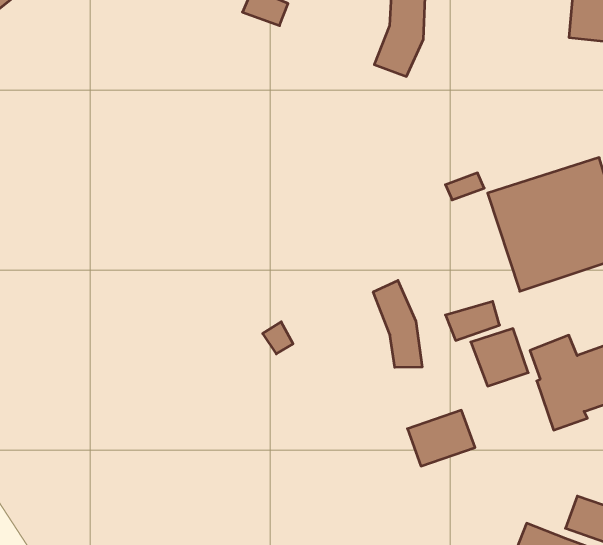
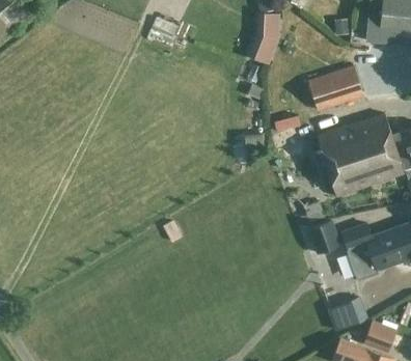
building: none -> [309,66,362,110]
building: [373,280,422,367] -> none
building: [407,410,475,466] -> [327,298,368,332]

